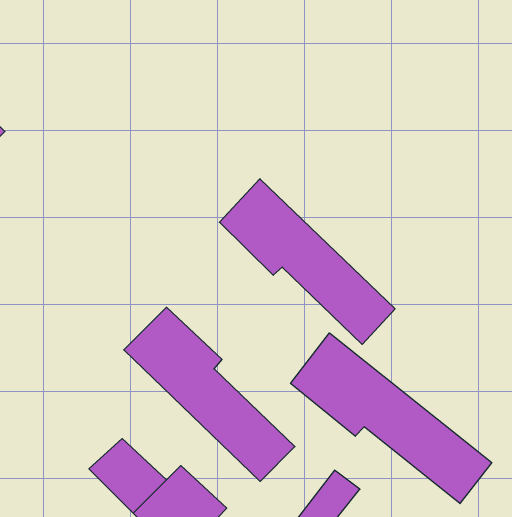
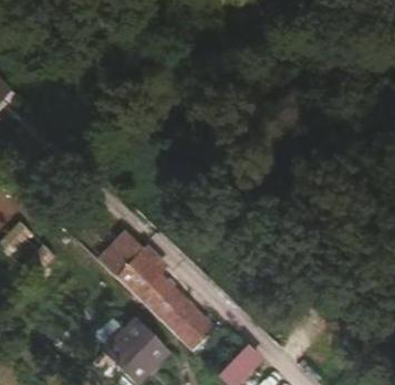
building: [219,179,395,344] -> none
building: [291,333,492,504] -> none

